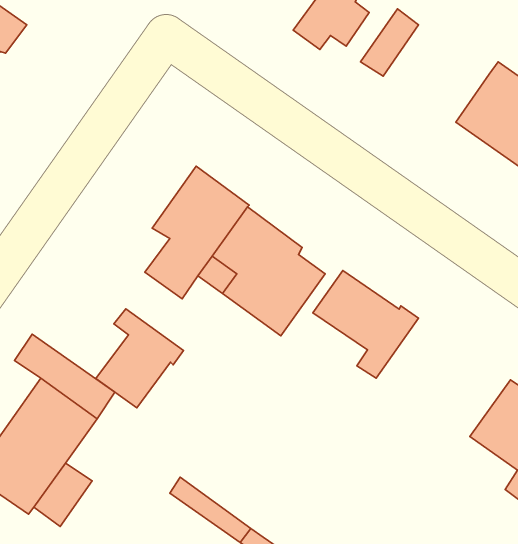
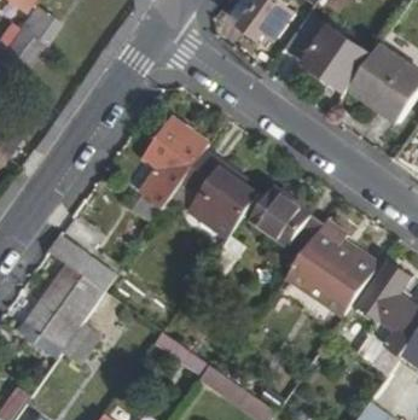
building: none -> [306,27,373,92]
building: [96,309,184,408] -> none
building: none -> [289,221,377,316]

